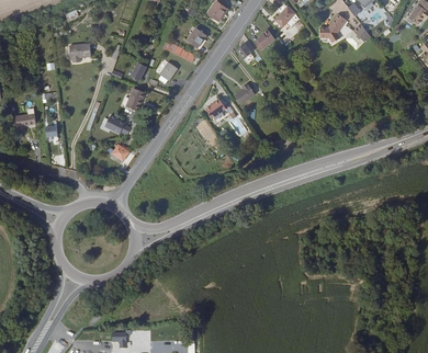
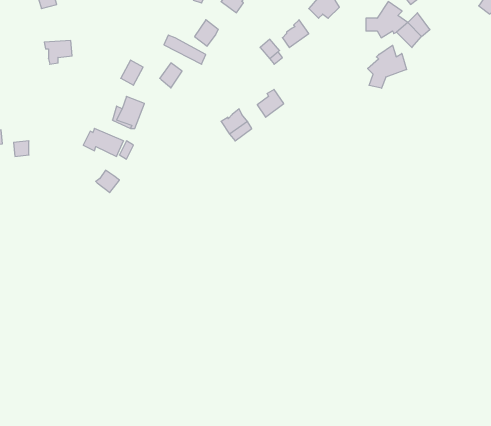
building: none -> [368,45,407,88]

